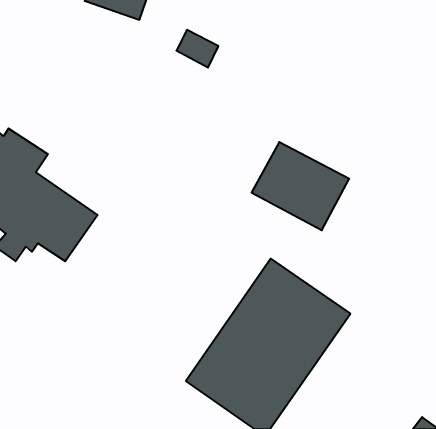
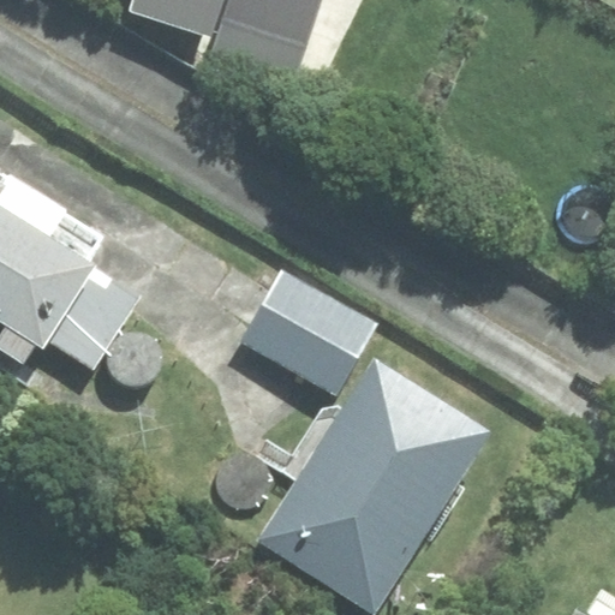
building: [252,142,349,230] -> [238,268,375,392]

